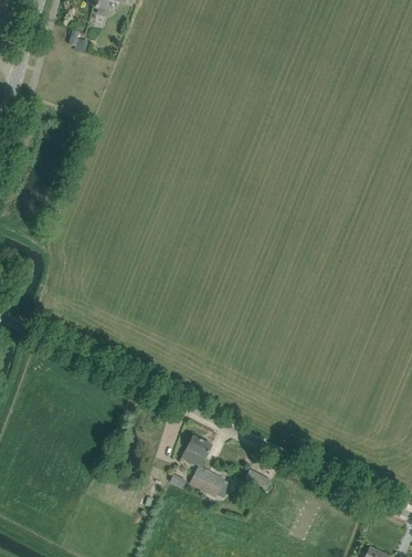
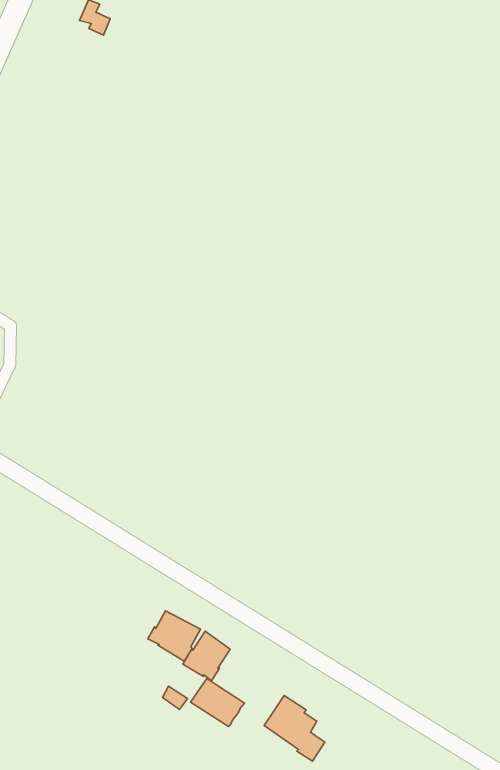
building: none -> [148,611,200,661]

